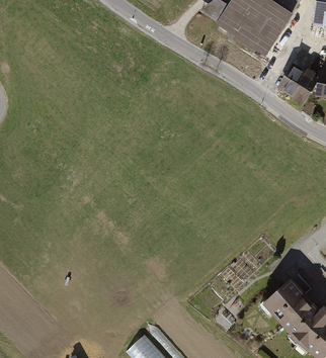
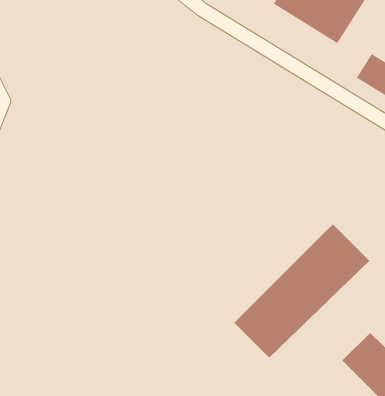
building: none -> [233,223,370,359]

